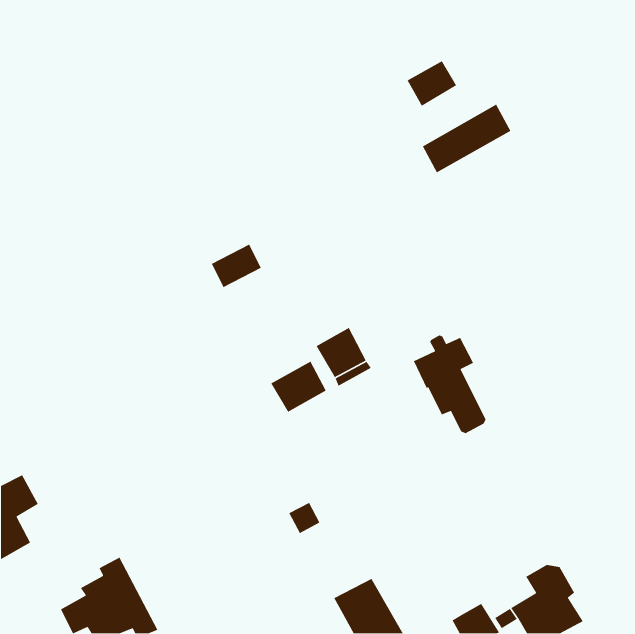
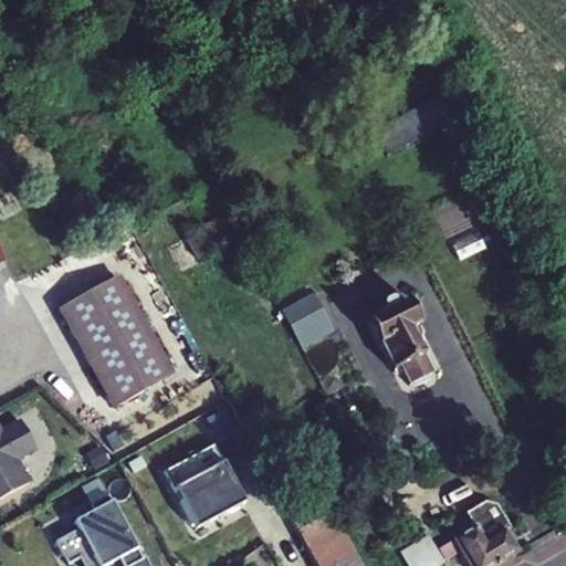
building: [406,60,457,107] -> none
building: none -> [61,276,171,405]
building: [270,361,327,413] -> none
building: none -> [164,442,243,527]

